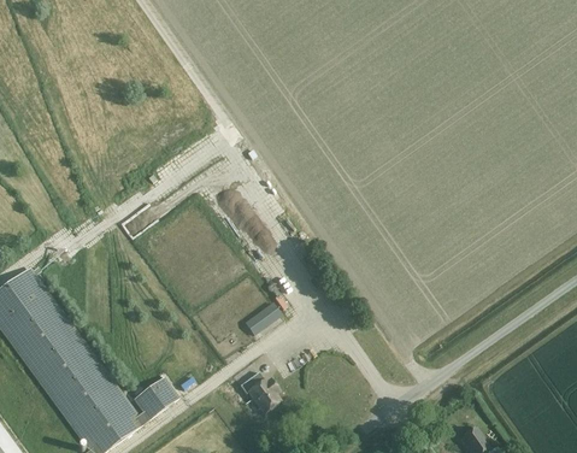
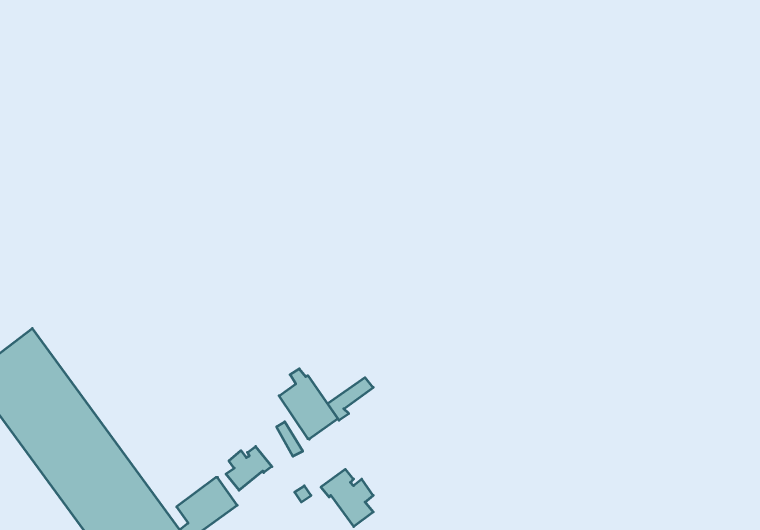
building: none -> [279,369,338,439]
building: none -> [226,446,272,490]

